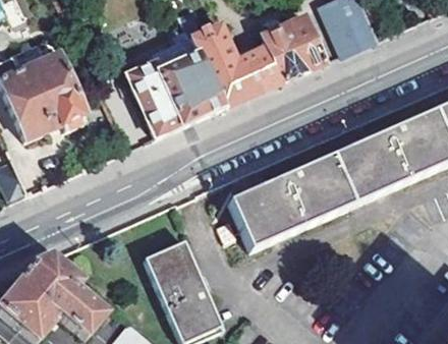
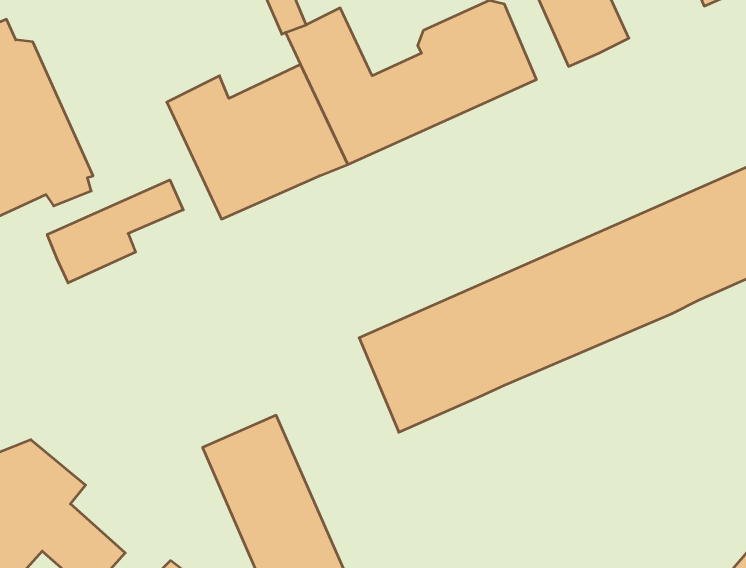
building: none -> [47,180,183,283]

